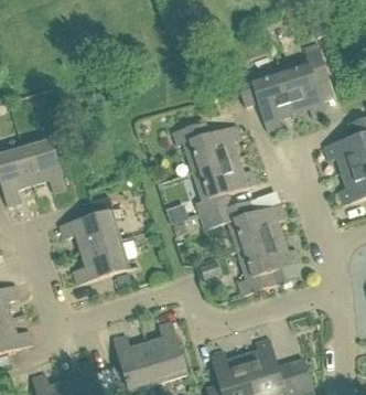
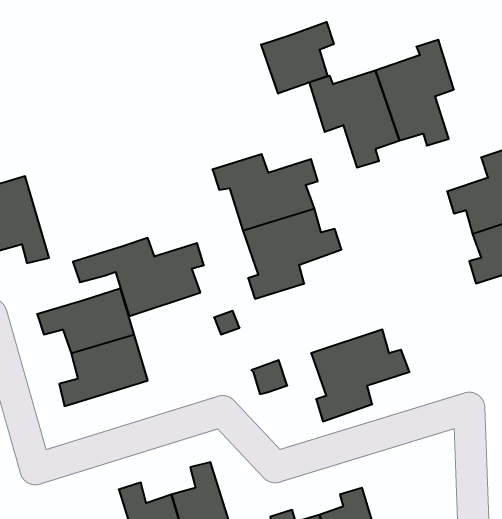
building: none -> [261,22,334,94]
building: [201,200,286,250] -> [73,238,204,316]

